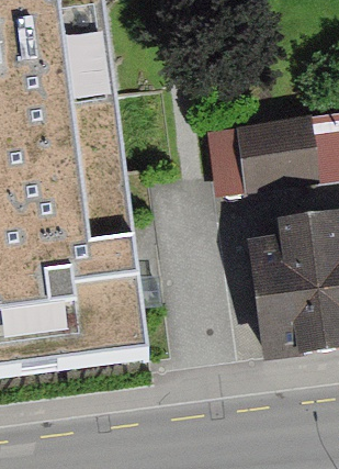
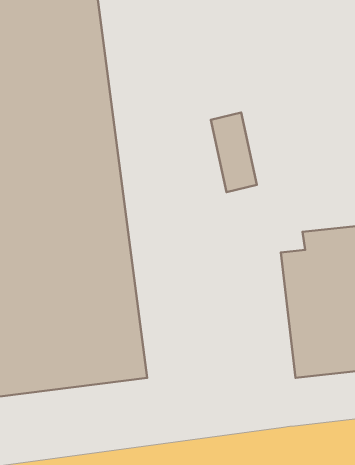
building: [248,110,319,179] -> none

